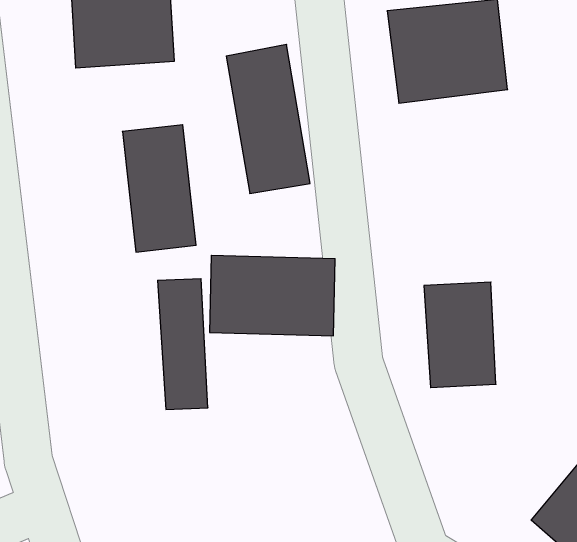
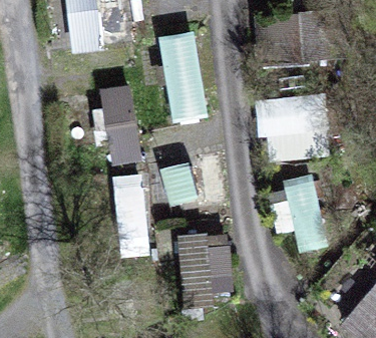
building: none -> [262,96,324,156]
building: none -> [178,236,231,305]

